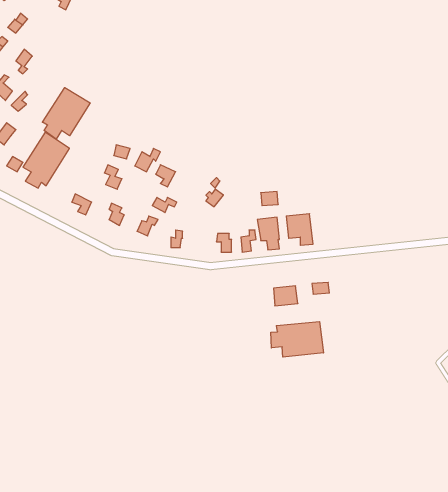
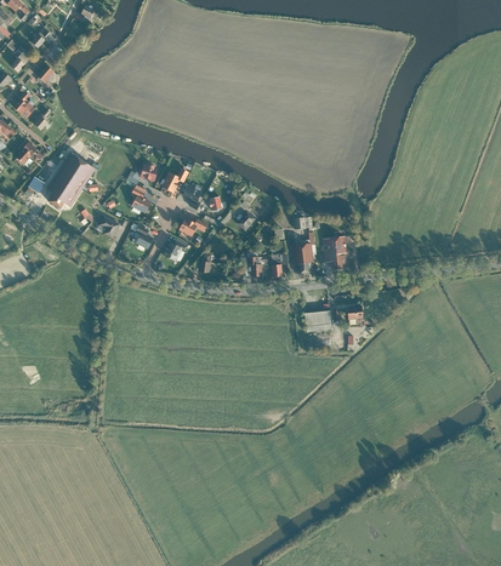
building: [42,88,90,139] -> none
building: [271,322,323,357] -> none

